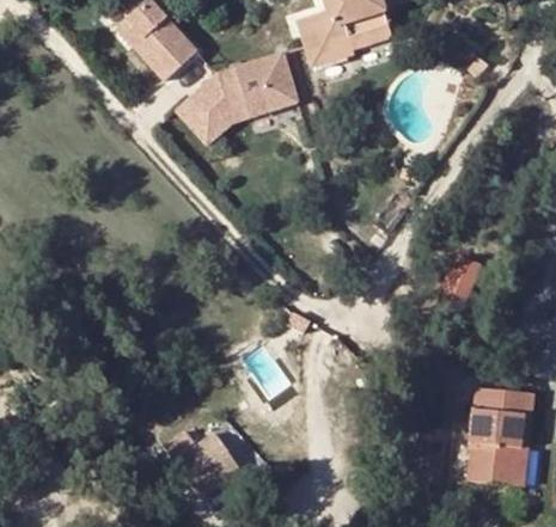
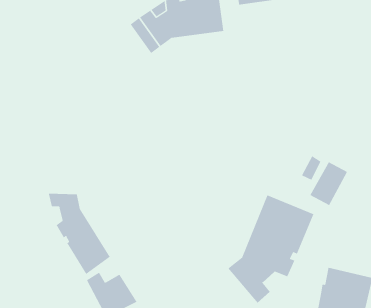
building: none -> [228,194,314,303]
building: none -> [48,193,111,275]

